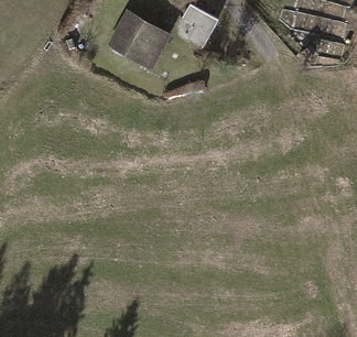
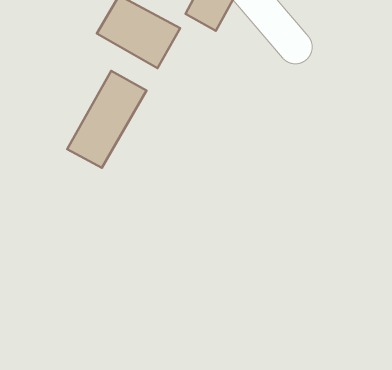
building: none -> [67,71,146,168]

